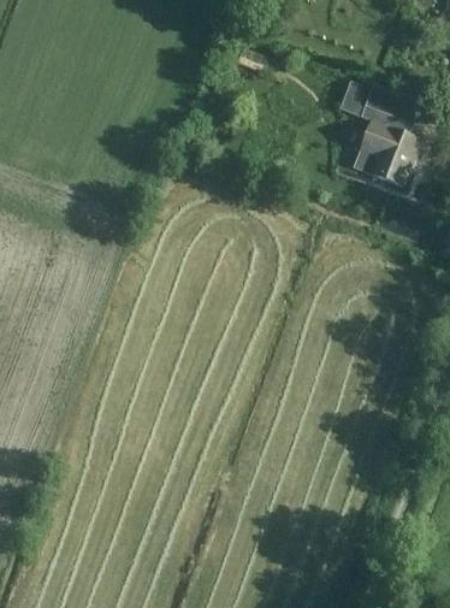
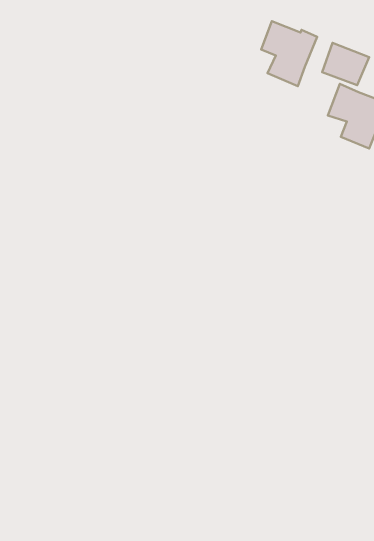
building: none -> [261,21,317,86]

